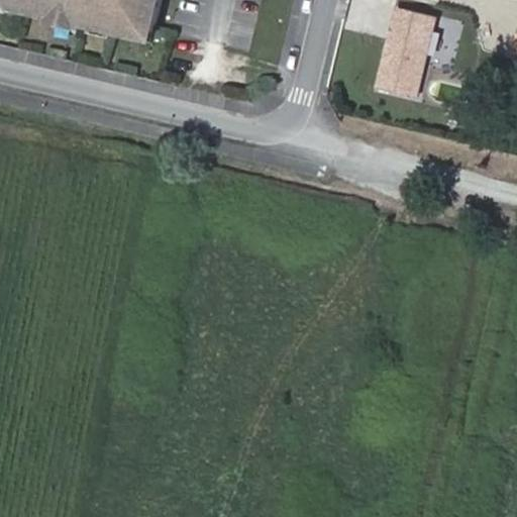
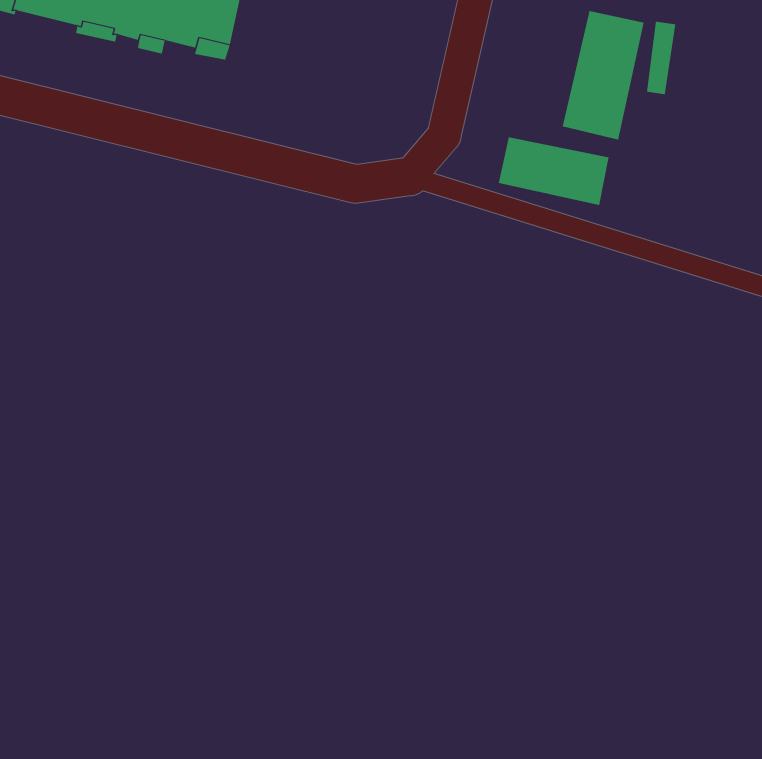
building: none -> [498,136,609,206]

